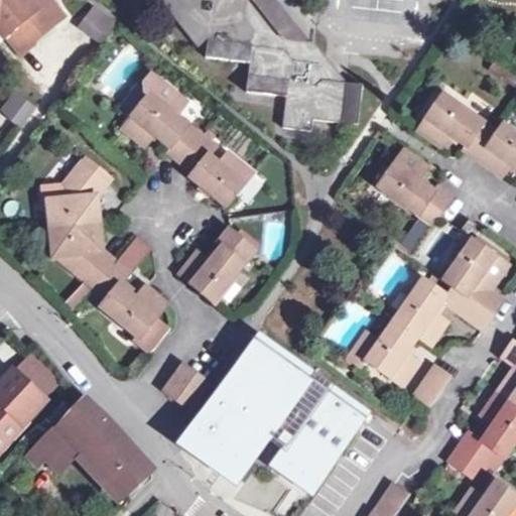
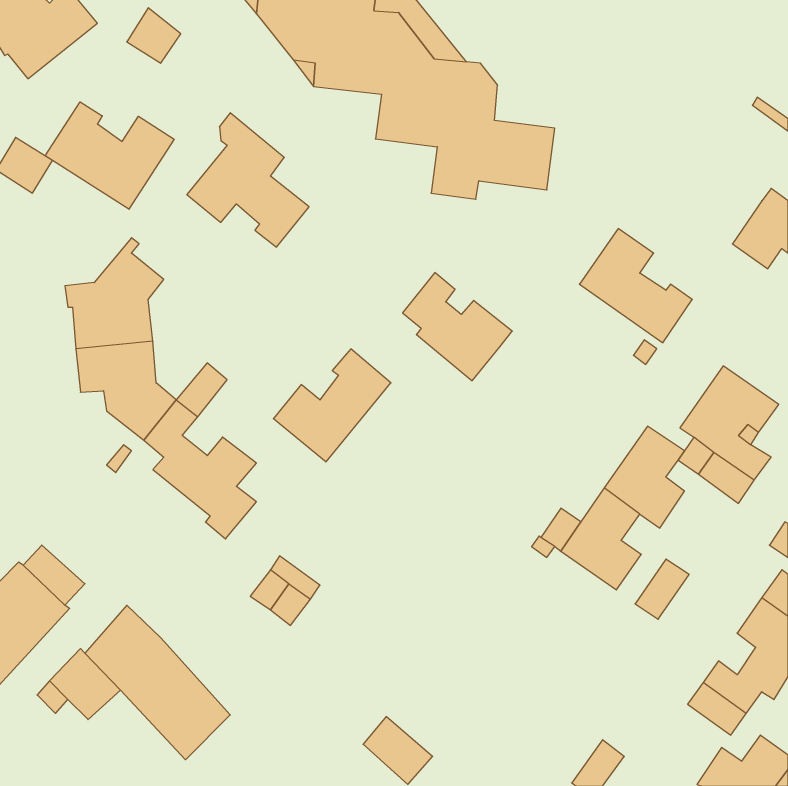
building: none -> [45,102,174,209]
building: [417,94,497,159] -> none
building: [180,135,252,206] -> [403,273,512,381]
building: [185,340,363,488] -> none

